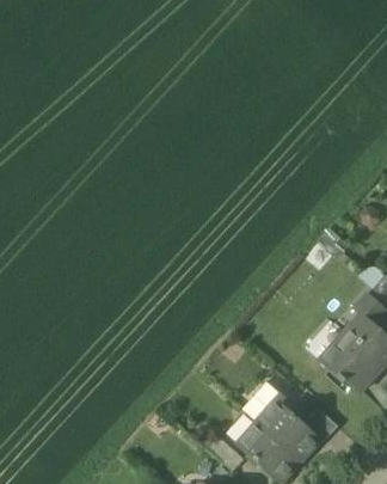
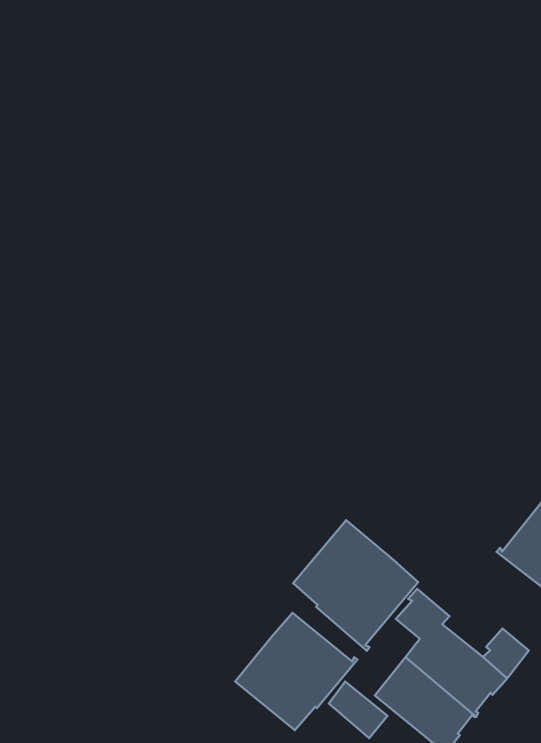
building: none -> [293,520,418,651]
building: none -> [235,613,358,730]

